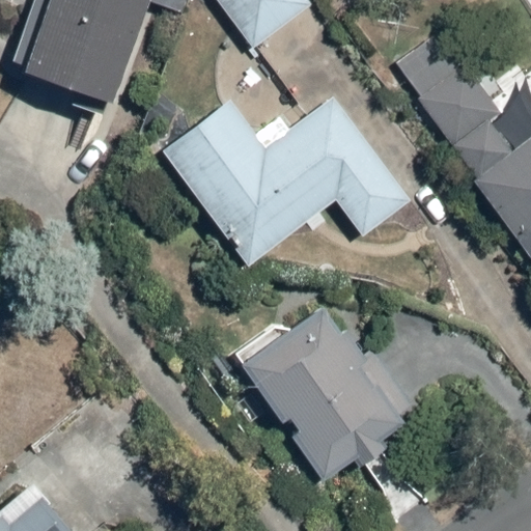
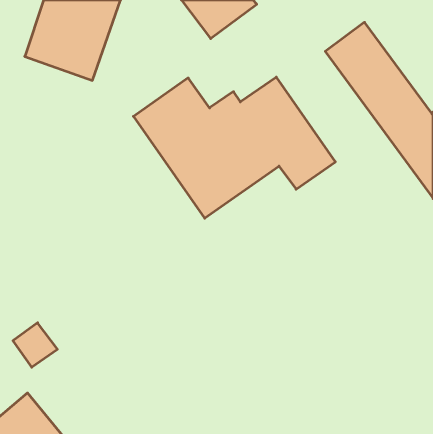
building: [235,296,423,484] -> none

